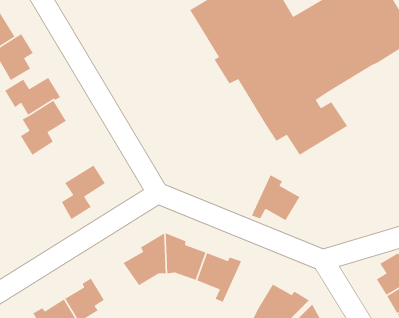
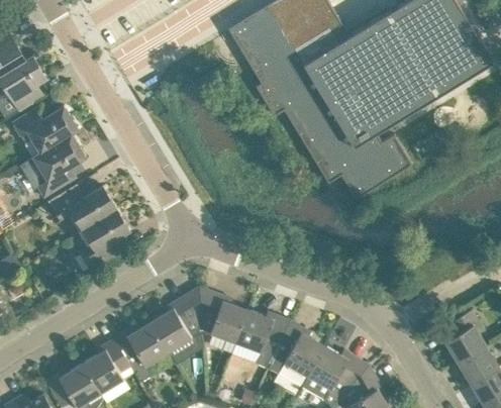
building: none -> [48,187,116,230]
building: [251,174,300,221] -> [267,321,324,376]
building: none -> [113,323,169,383]

